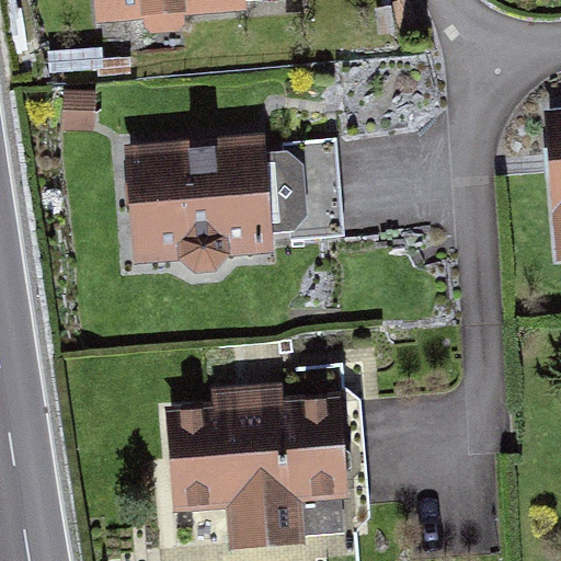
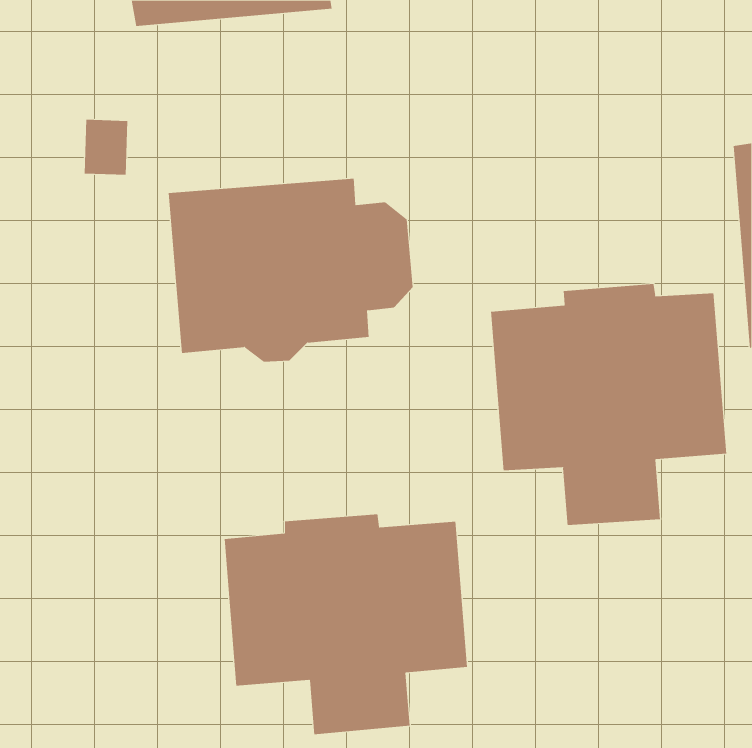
building: none -> [491,283,727,526]

